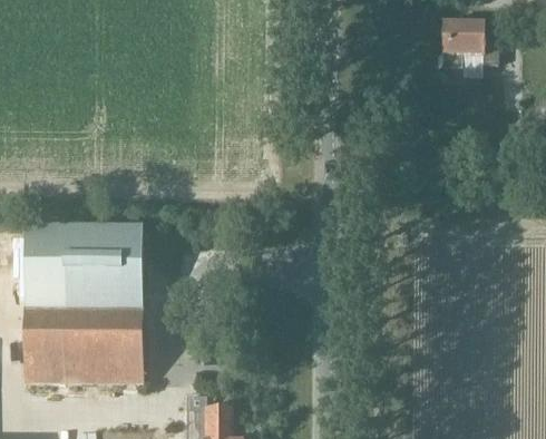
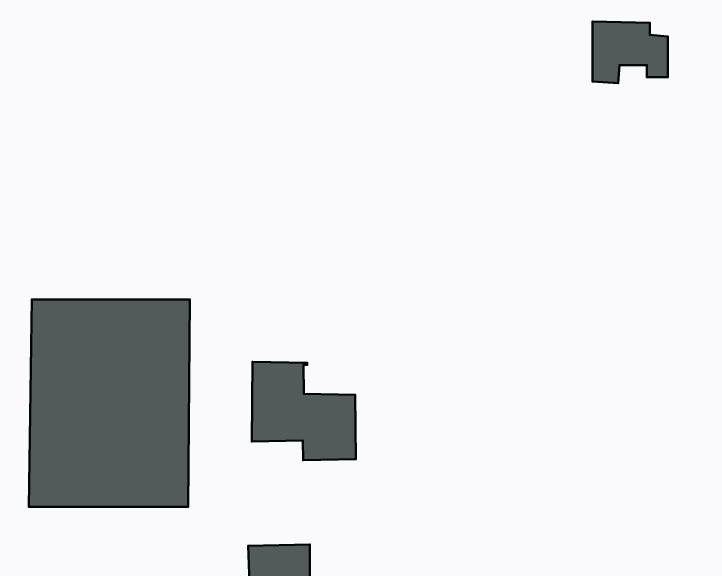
building: none -> [252,362,356,460]

